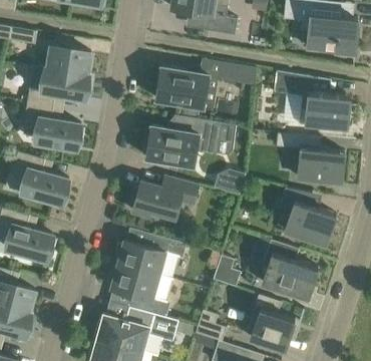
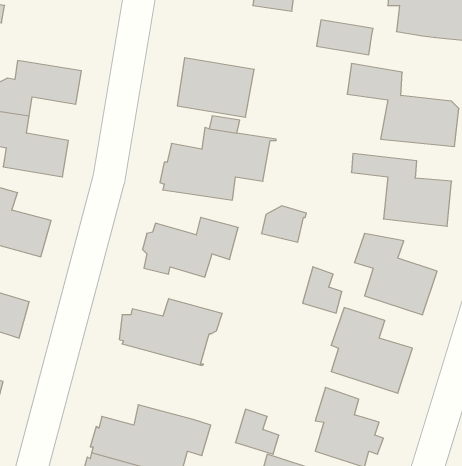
building: [45,47,90,77] -> none
building: [218,63,257,87] -> [317,20,373,55]
building: [213,256,240,288] -> [303,267,342,313]
building: [107,266,172,318] -> none

